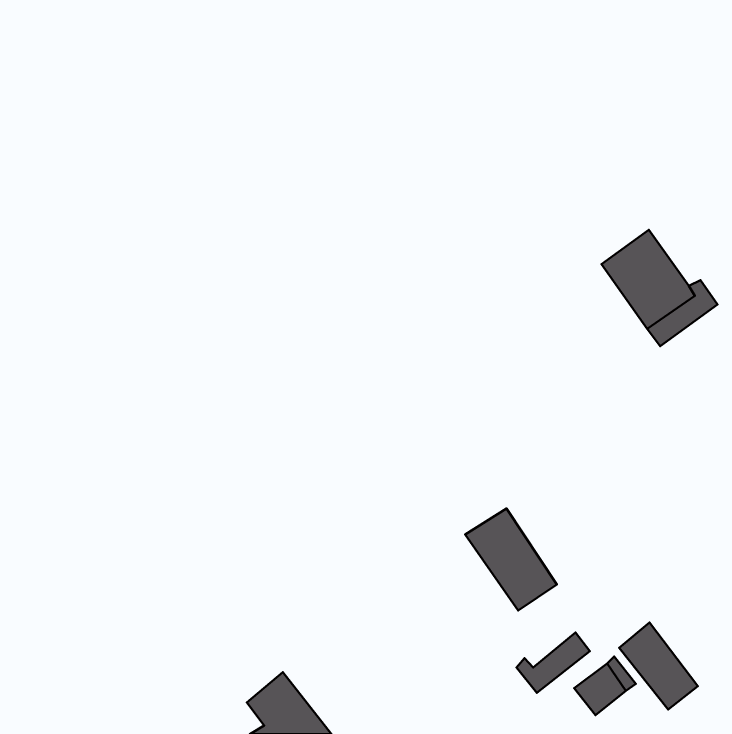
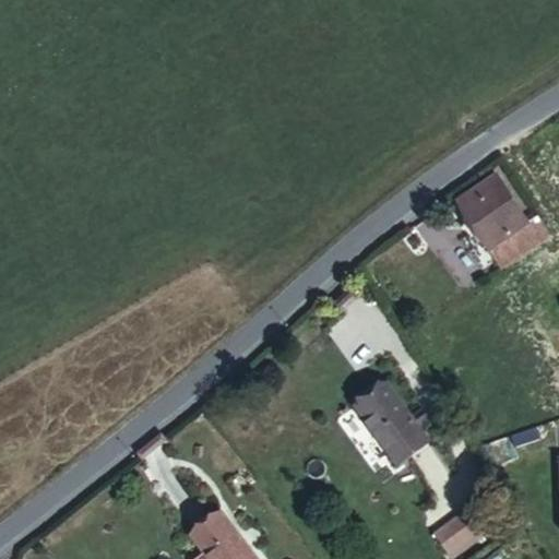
building: [619,622,698,709] -> none
building: [516,632,590,693] -> none

